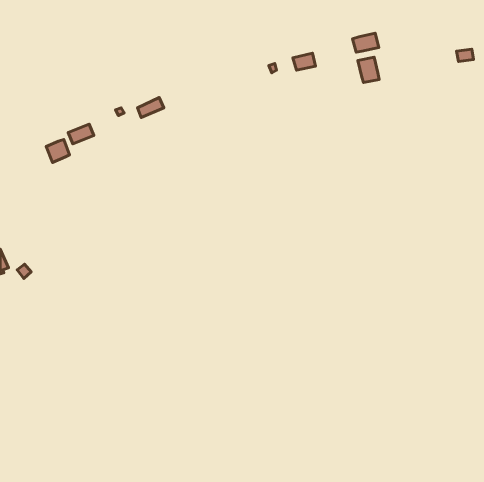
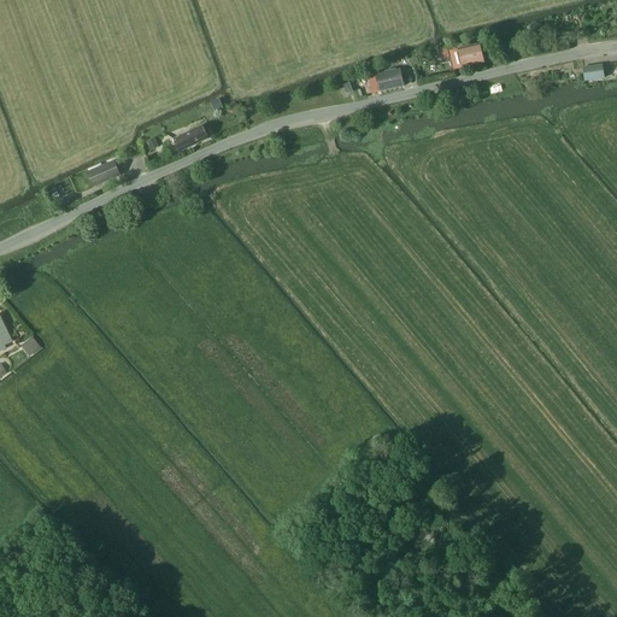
building: [358,57,379,82] -> none
building: [46,140,70,163] -> none

